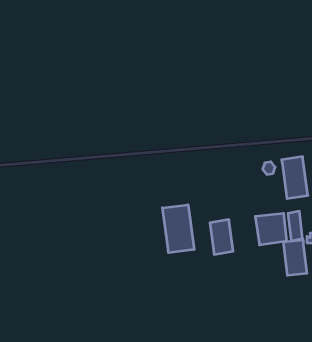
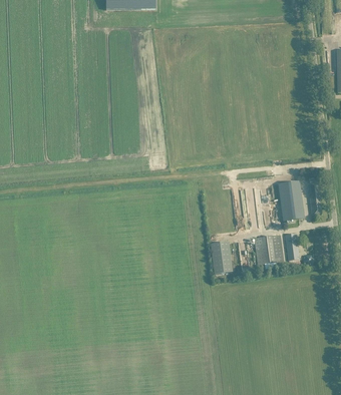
building: [162,205,194,253] -> none
building: [283,240,307,275] -> none

